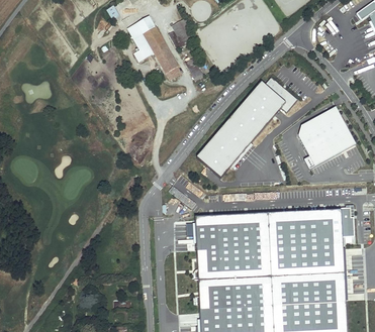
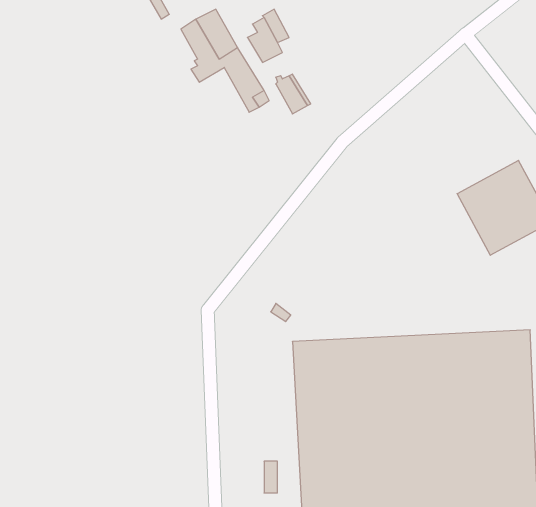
building: [197,77,298,177] -> none

